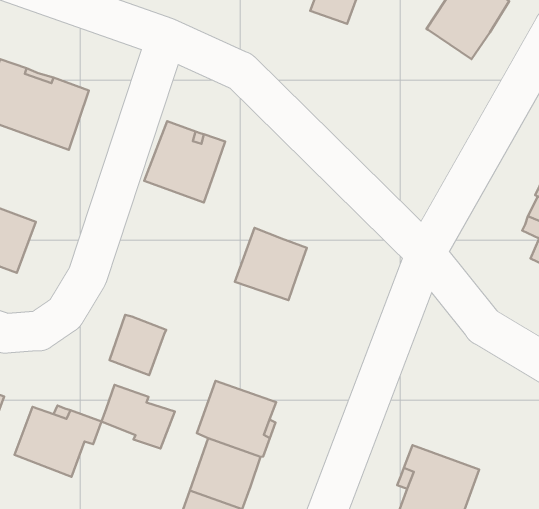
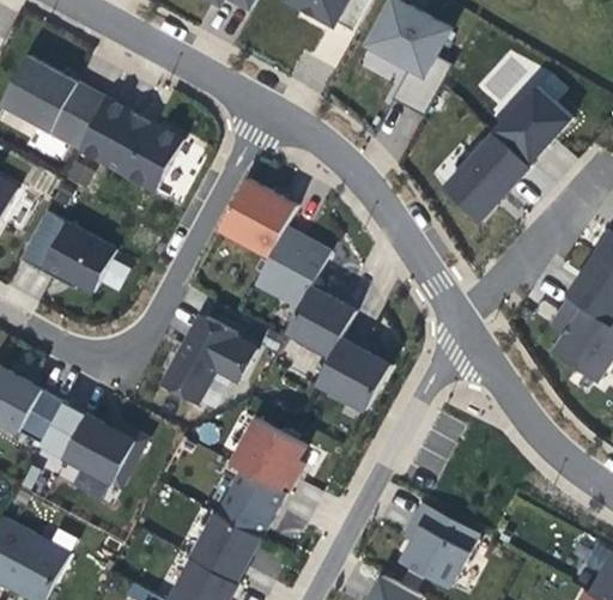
building: none -> [443,132,528,218]
building: none -> [253,226,329,307]
building: none -> [315,337,389,408]
building: [101,385,175,449] -> [188,316,255,380]

